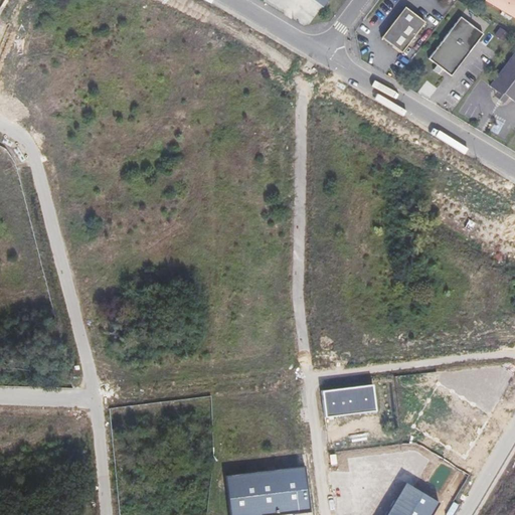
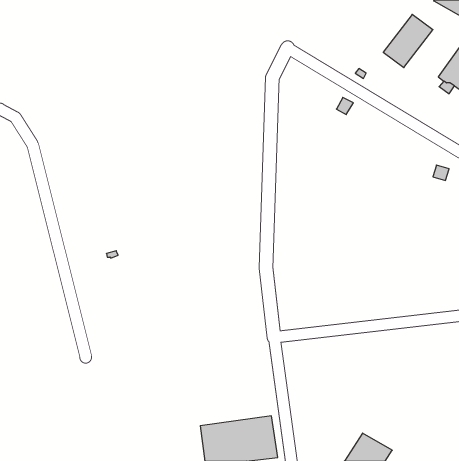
building: [382,7,426,52] -> none
building: [323,384,376,416] -> none

